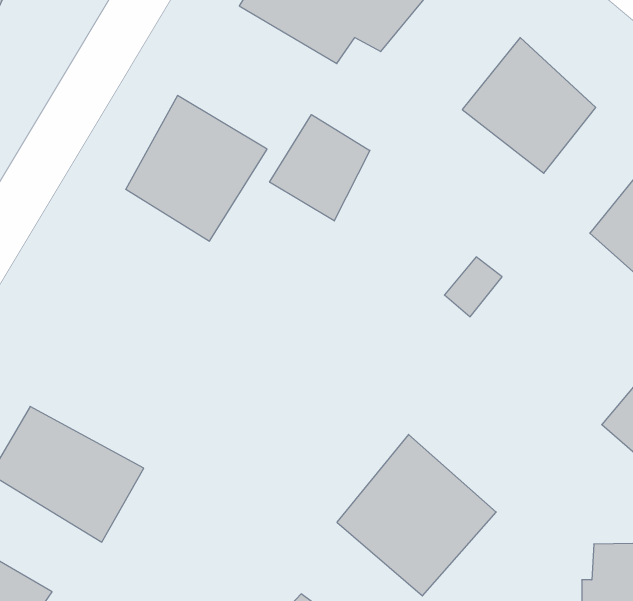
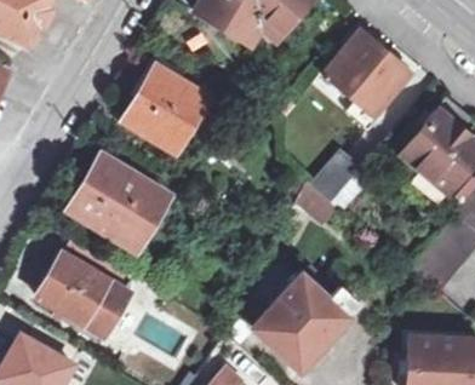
building: [270,115,370,221] -> none
building: none -> [70,156,166,251]

